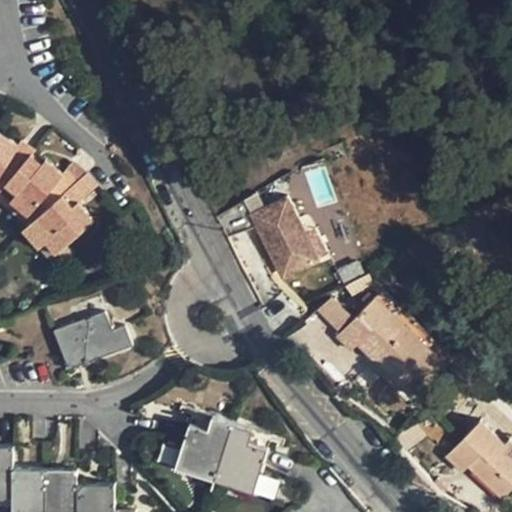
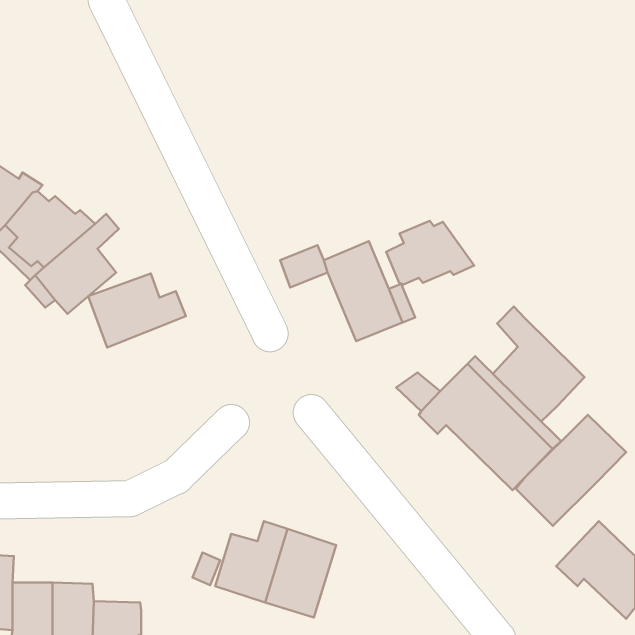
building: none -> [386,221,474,285]
building: none -> [493,307,584,421]
building: [52,311,130,370] -> [88,274,186,347]
building: none -> [516,415,626,526]

